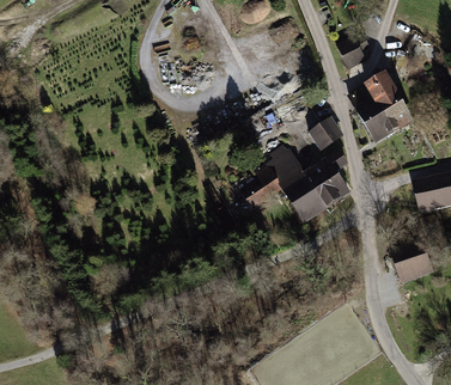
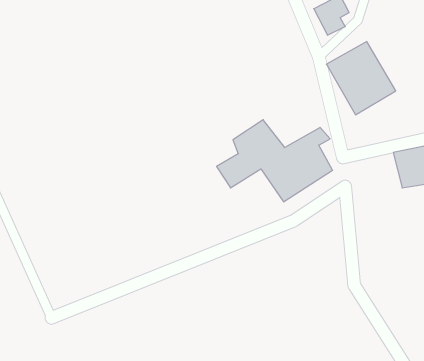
building: [312,117,345,148] -> none
building: [401,251,433,280] -> none

